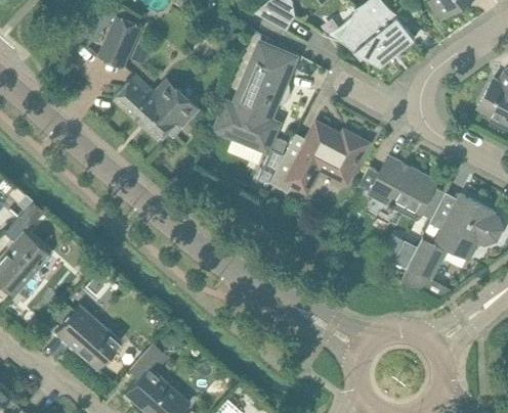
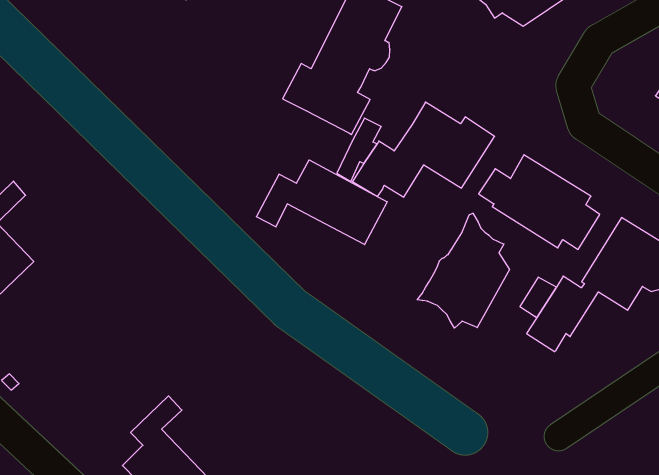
building: [115,75,198,139] -> none
building: none -> [256,160,387,245]
building: none -> [417,213,509,328]
building: [52,303,121,370] -> none

